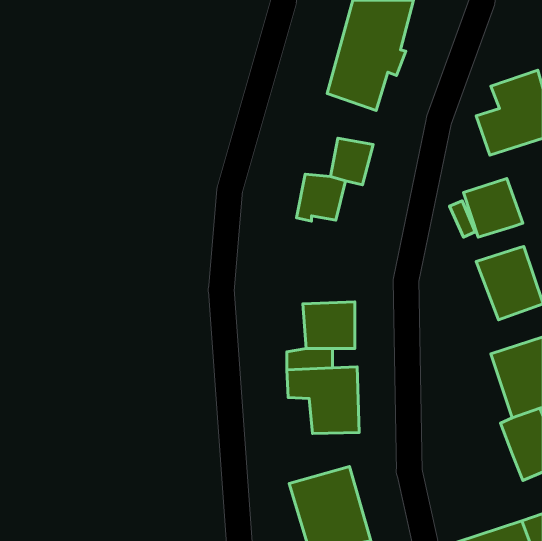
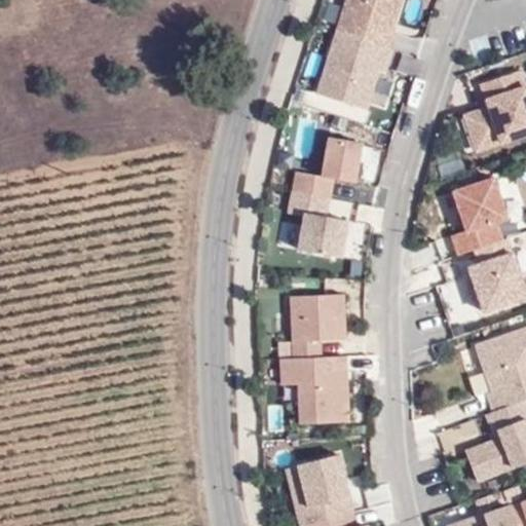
building: none -> [295,211,346,256]
building: none -> [450,221,503,257]
building: none -> [463,441,510,483]

